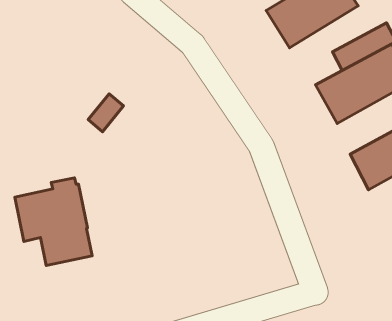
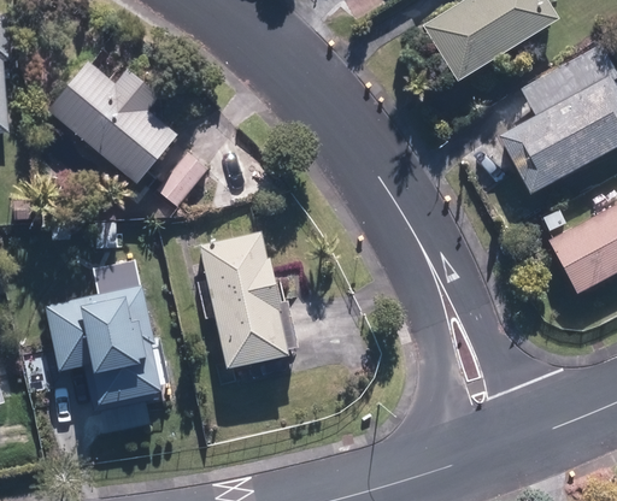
building: none -> [48,61,178,183]
building: none -> [200,231,288,369]

